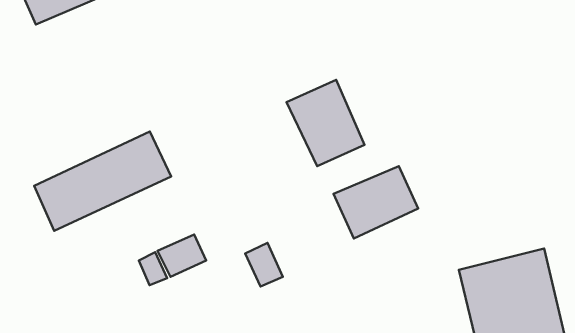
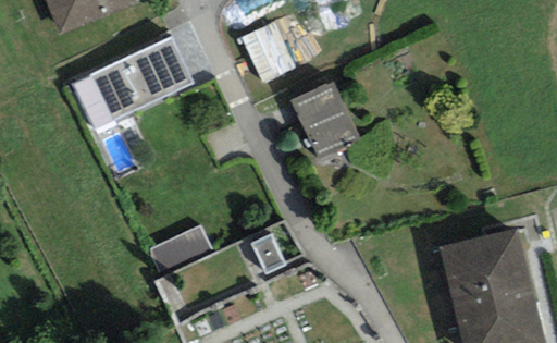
building: none -> [243,22,295,82]
building: [34,132,171,231] -> [65,37,191,128]
building: [334,166,418,238] -> none

